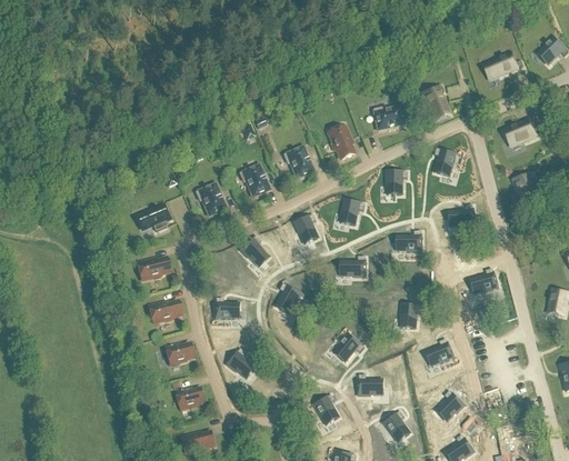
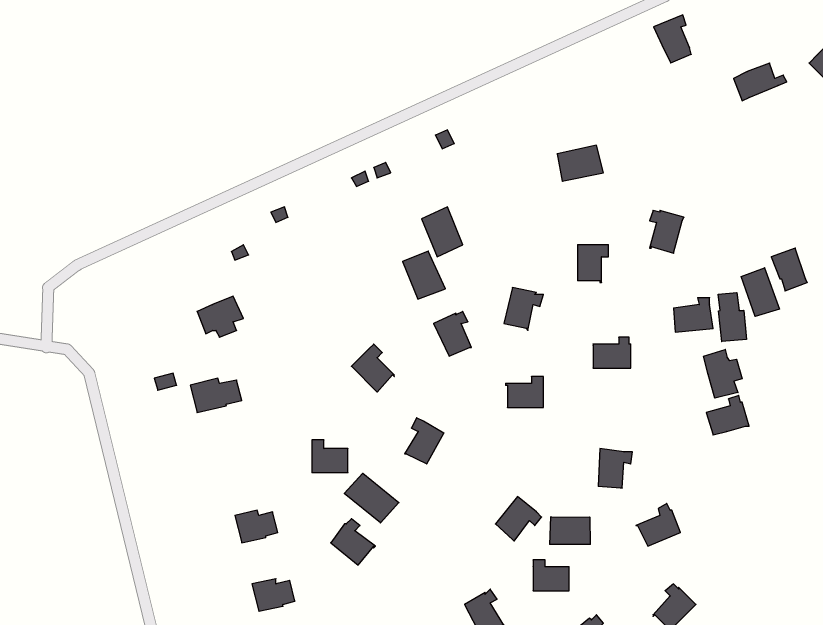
building: [421,84,446,116] -> [654,15,691,63]
building: [503,120,536,147] -> none
building: [328,126,353,160] -> none
building: [241,166,269,197] -> [403,251,445,299]
building: [198,184,224,216] -> none
building: none -> [741,268,779,316]
building: none -> [718,293,746,342]
building: none -> [703,349,742,398]
building: [148,301,180,323] -> none
building: none -> [344,473,399,523]
building: none -> [550,517,590,544]

